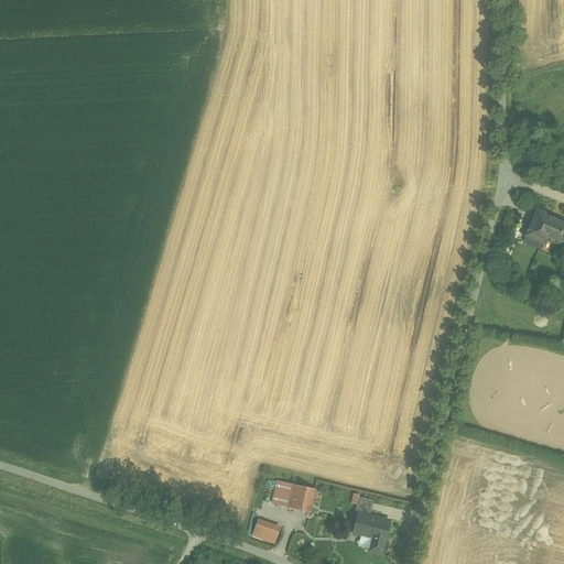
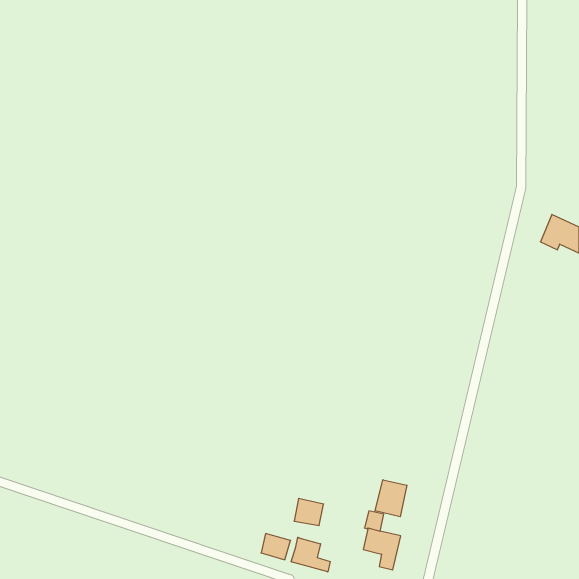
building: none -> [375,480,407,517]
building: none -> [291,537,330,572]

